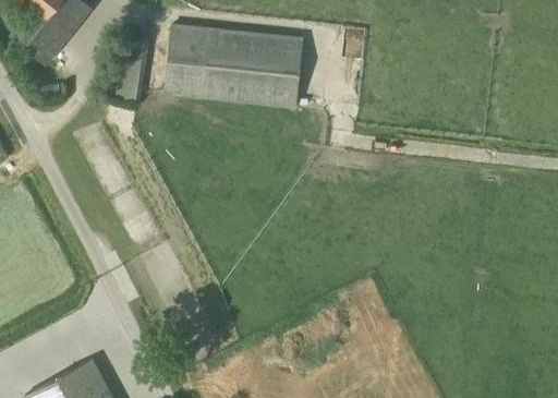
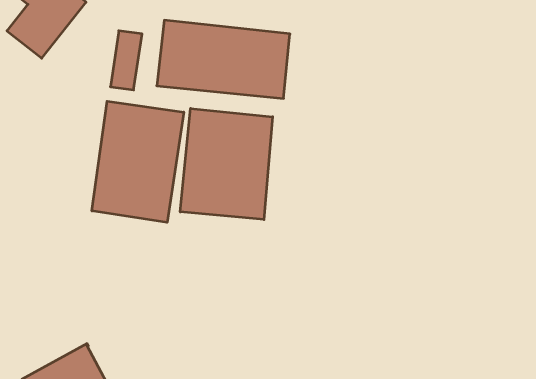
building: none -> [92,101,184,222]
building: none -> [180,108,273,220]

